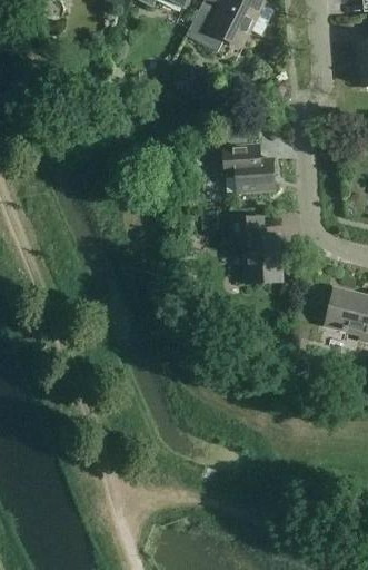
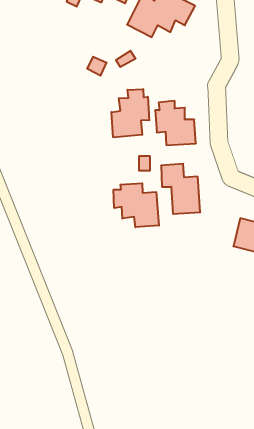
building: none -> [111,89,149,137]
building: none -> [114,183,159,227]

